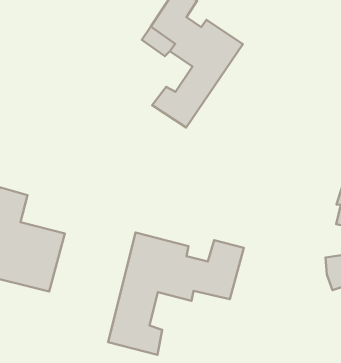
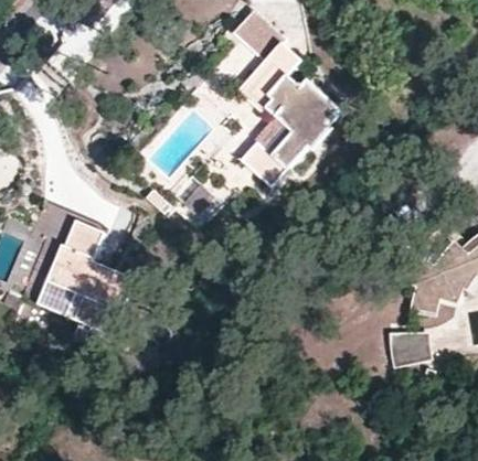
building: [108,233,244,355] -> none

